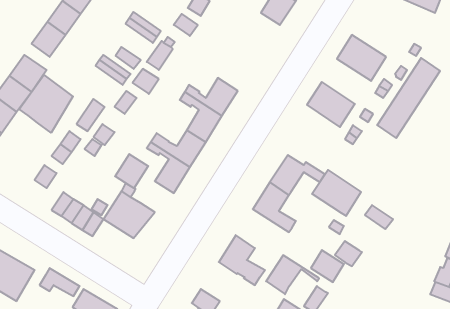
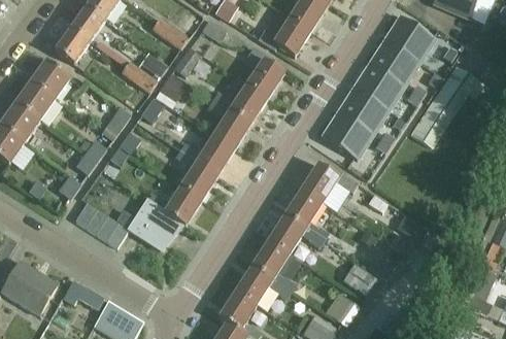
building: none -> [384,16,435,63]
building: none -> [258,18,310,57]
building: none -> [245,46,283,98]
building: none -> [353,65,404,111]
building: [19,75,73,133] -> none
building: [115,154,148,188] -> [167,191,201,226]
building: [312,170,361,216] -> [322,112,372,160]
building: [266,255,319,294] -> [265,219,319,260]
building: none -> [229,274,266,314]

